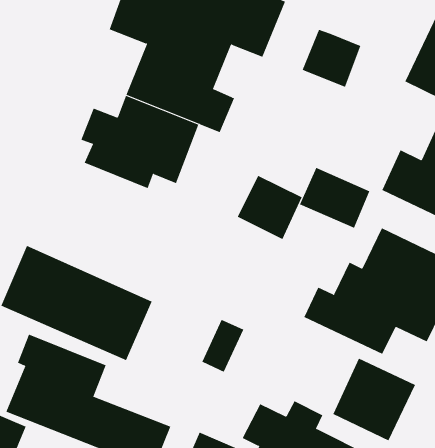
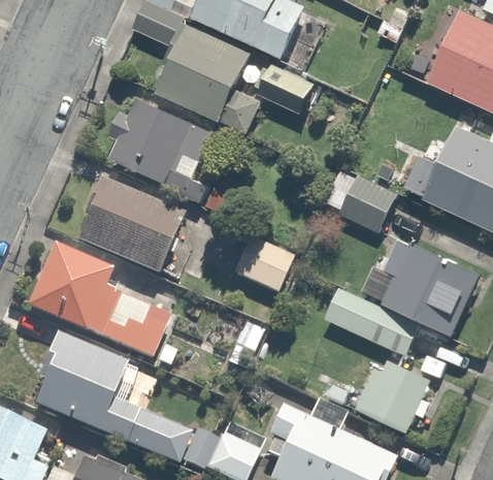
building: [302,29,361,88] -> [256,57,315,115]
building: [237,175,303,240] -> [229,231,294,295]
building: none -> [76,178,188,276]

